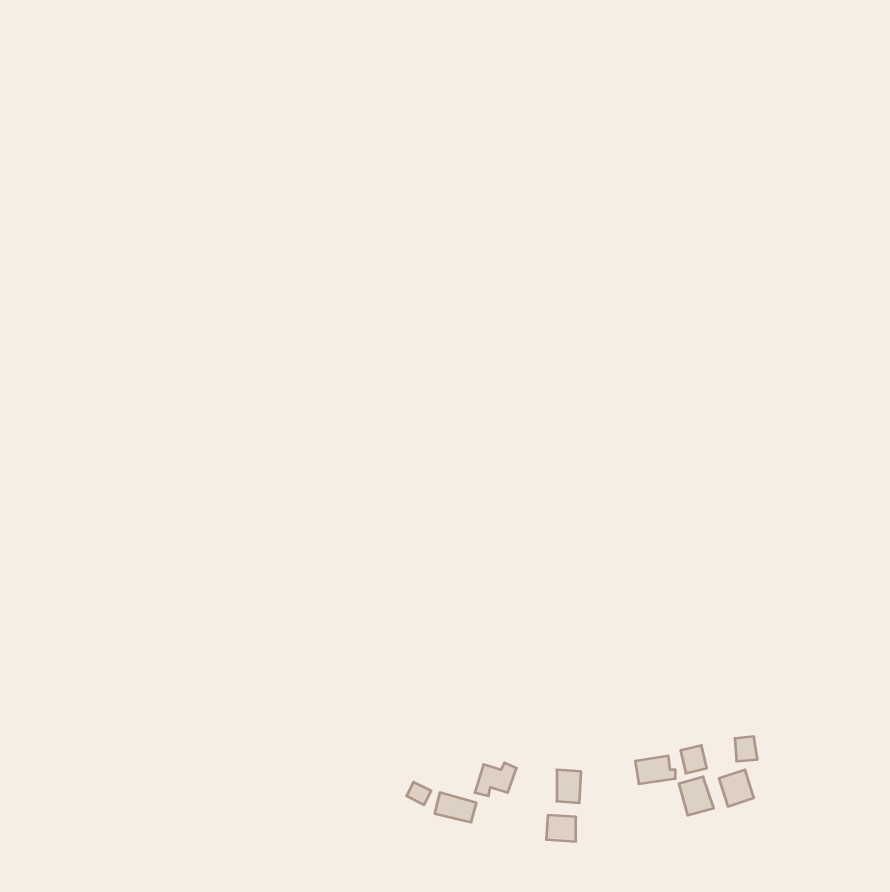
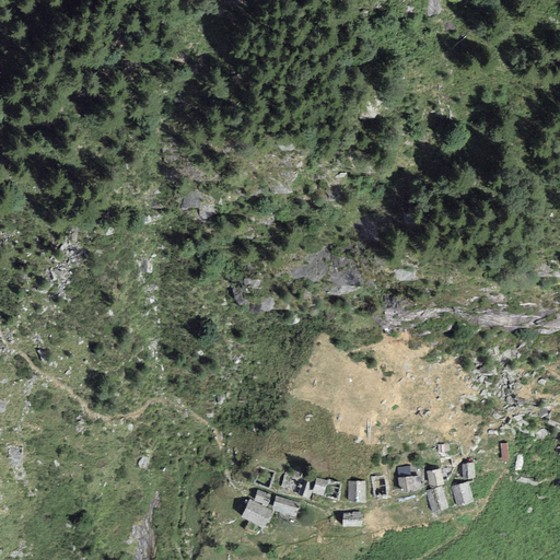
building: none -> [240,500,269,527]

